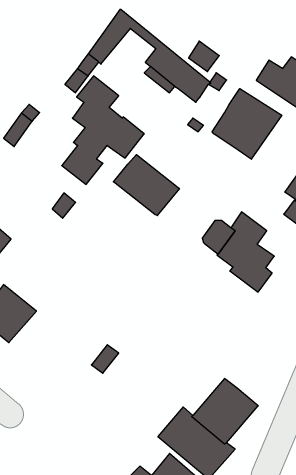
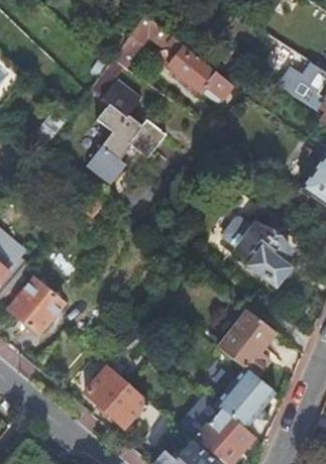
building: [212,89,282,159] -> none
building: [113,155,179,216] -> none
building: none -> [218,309,278,377]
building: none -> [86,366,176,450]

